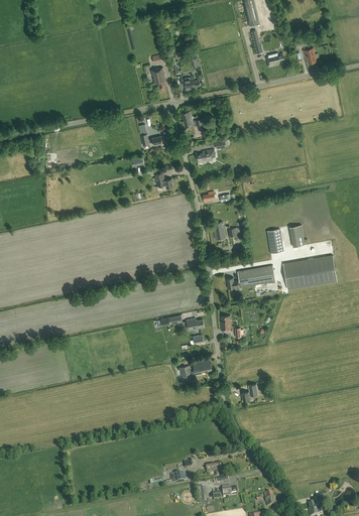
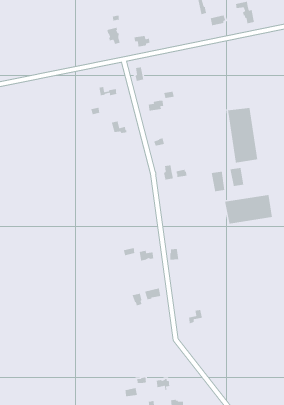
building: none -> [227,107,258,163]
building: [227,265,275,288] -> none

